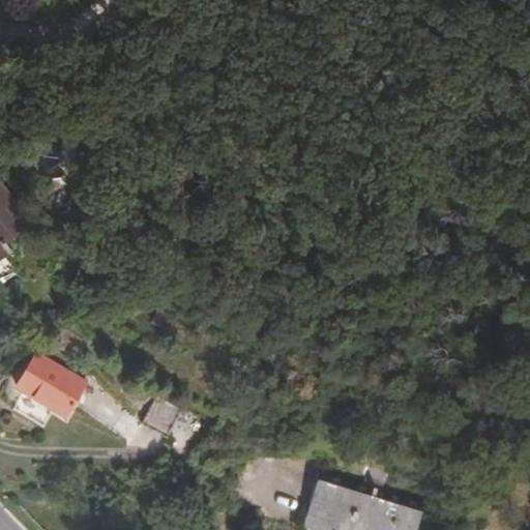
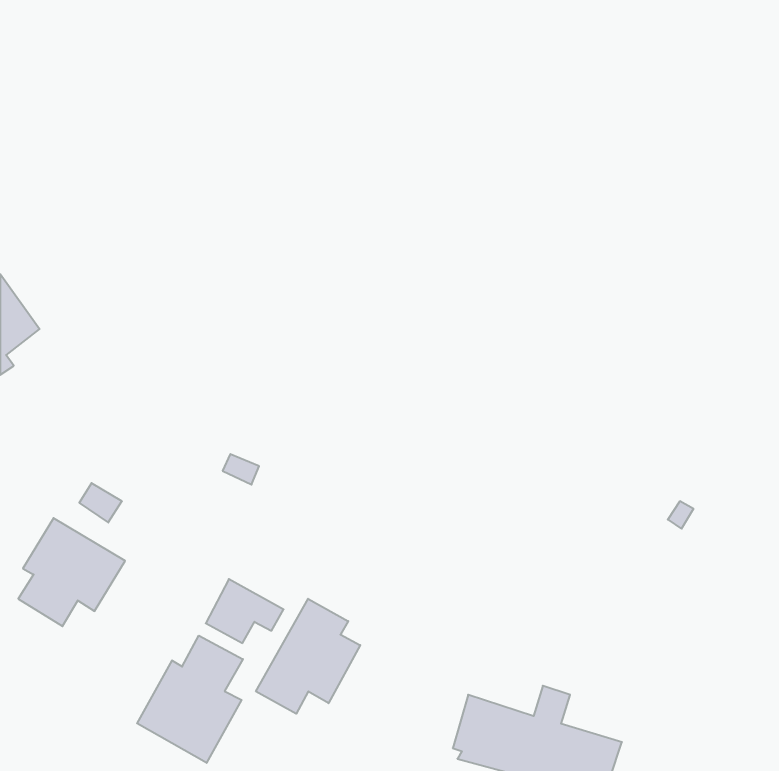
building: none -> [256,599,360,714]
building: none -> [137,636,243,763]

